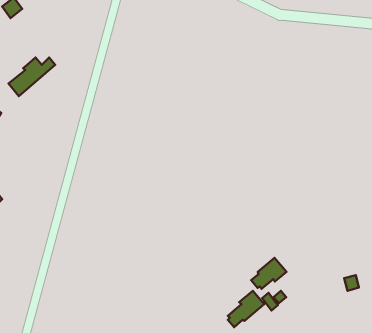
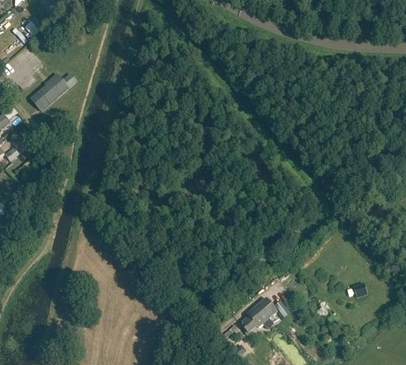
building: [251,258,286,289] -> none

